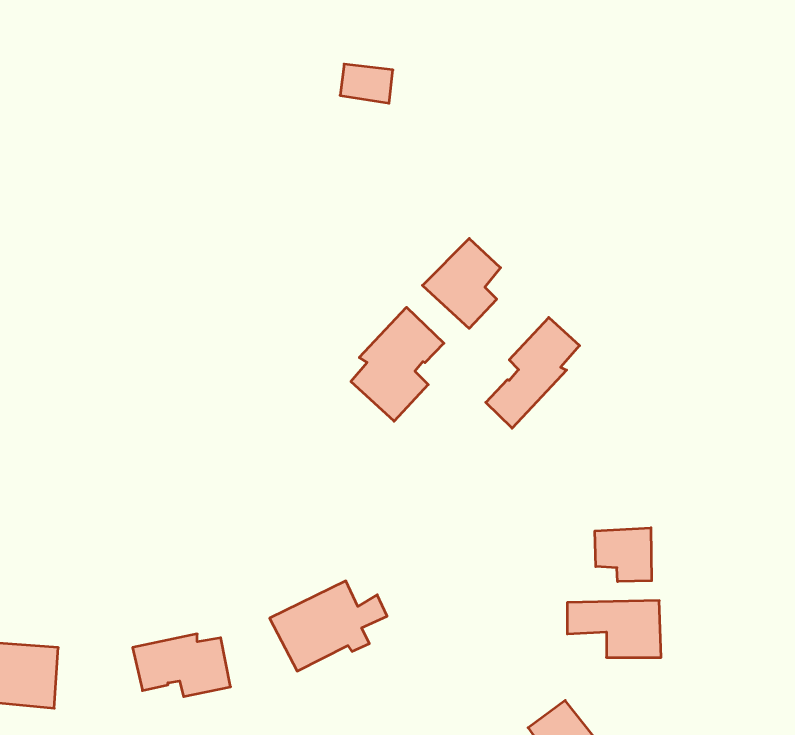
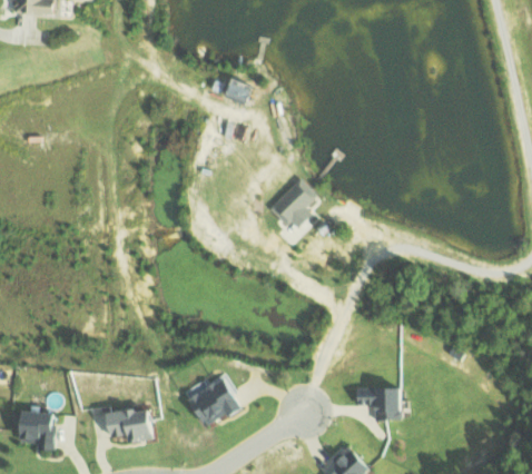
building: [351,307,444,421] -> none
building: [486,317,580,428] -> none
building: [595,528,652,582] -> none

